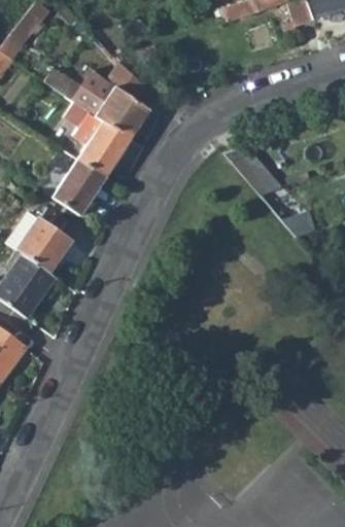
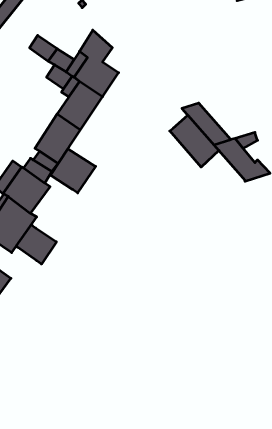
building: none -> [170,115,219,167]
building: none -> [51,149,96,193]
building: none -> [16,224,56,264]

